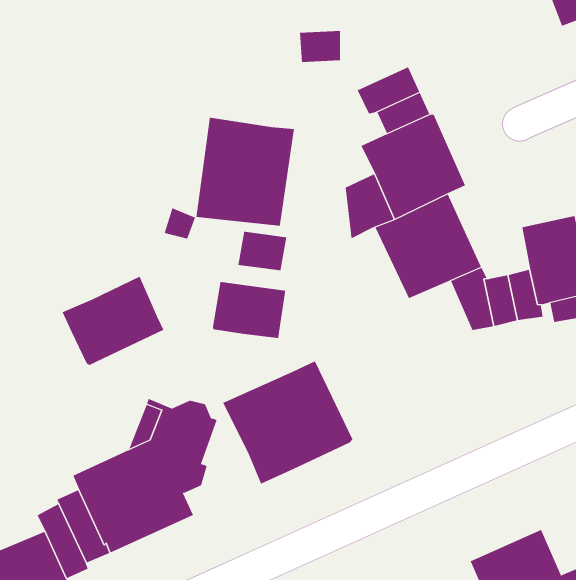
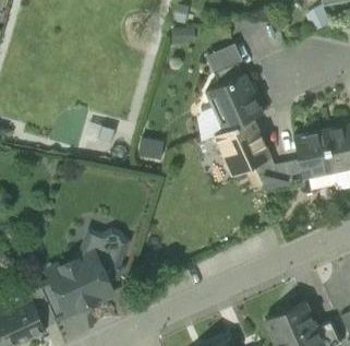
building: [196,117,295,227] -> none
building: [62,276,164,366] -> none
building: [213,281,286,339] -> none
building: [223,360,353,485] -> none

